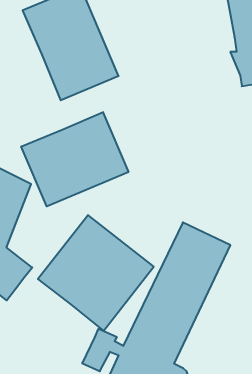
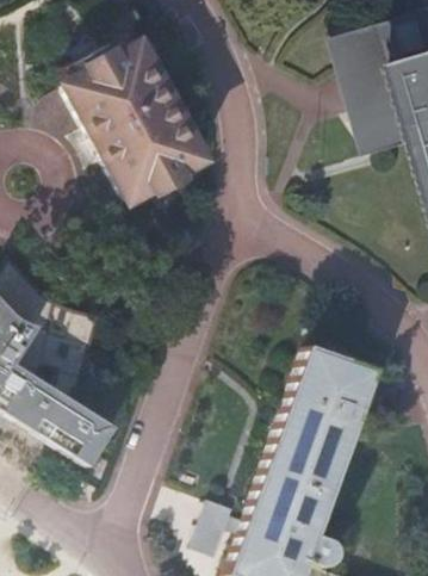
building: [21,112,128,206] -> none
building: [38,215,154,331] -> none

